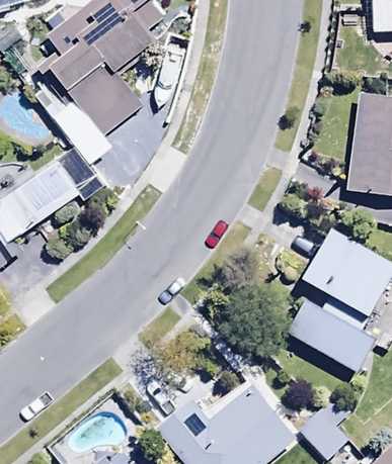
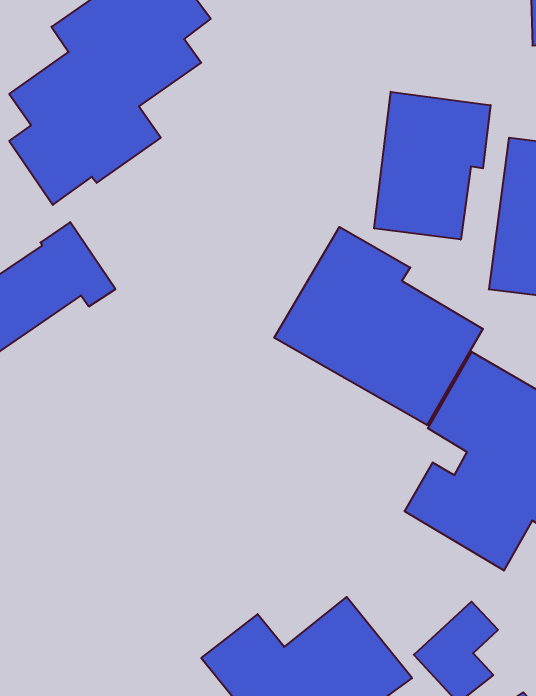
building: none -> [374,92,491,240]
building: none -> [274,227,483,425]

